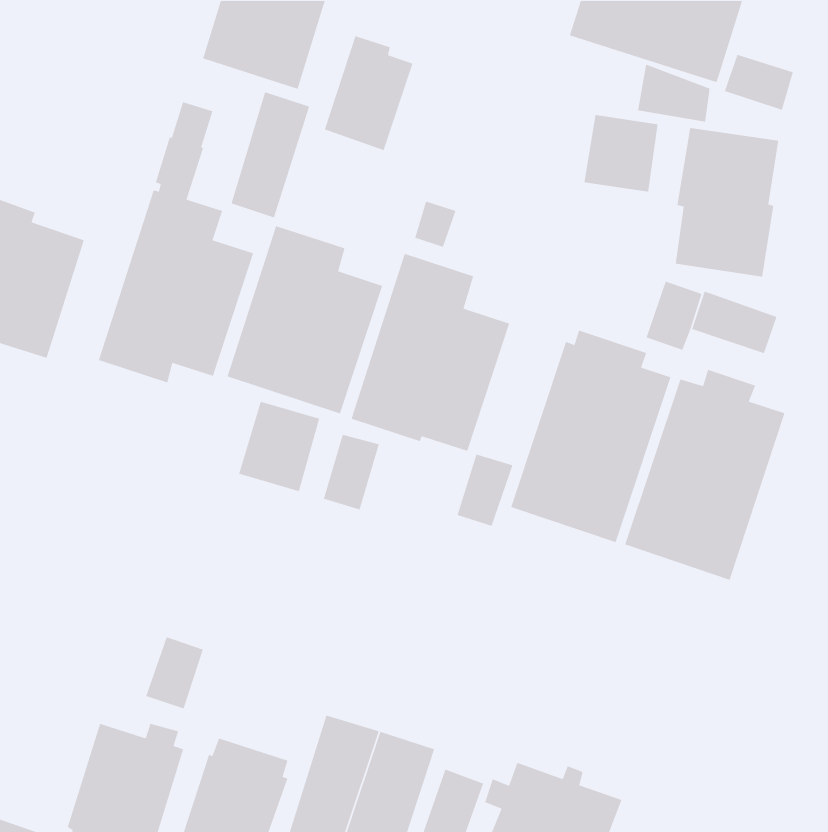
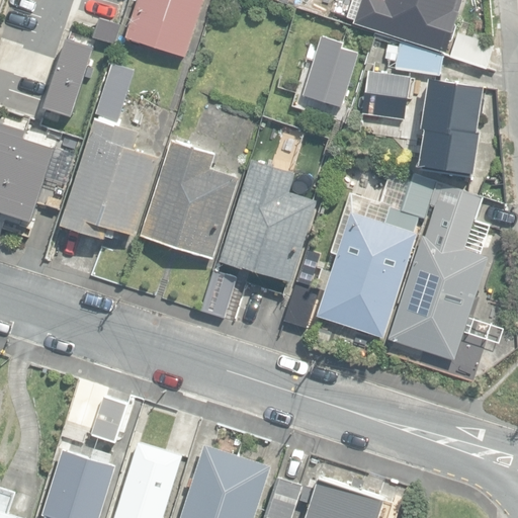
building: [324,35,414,151] -> [303,36,358,108]
building: [230,91,310,219] -> [40,37,90,116]
building: [238,401,320,492] -> none

